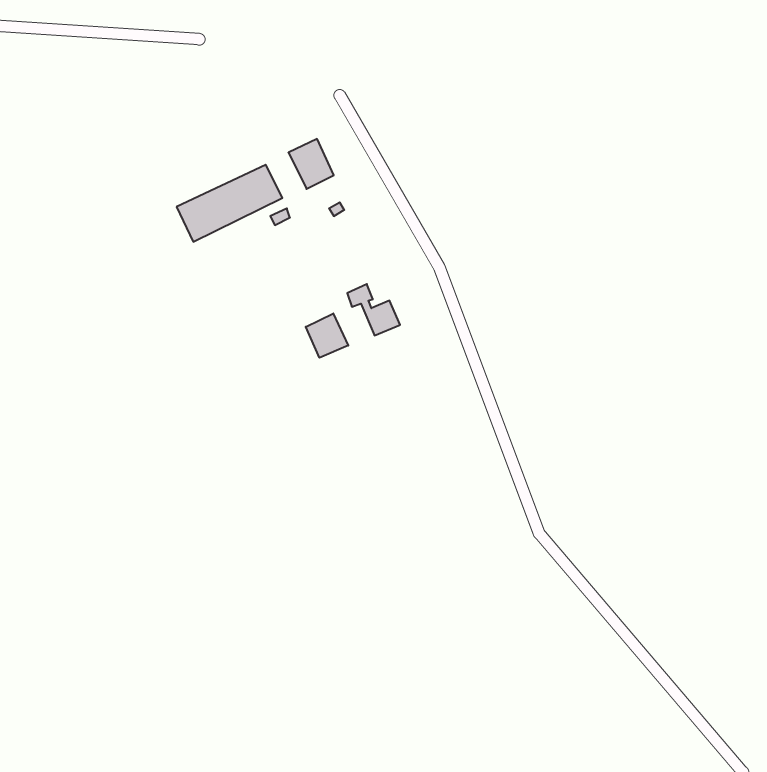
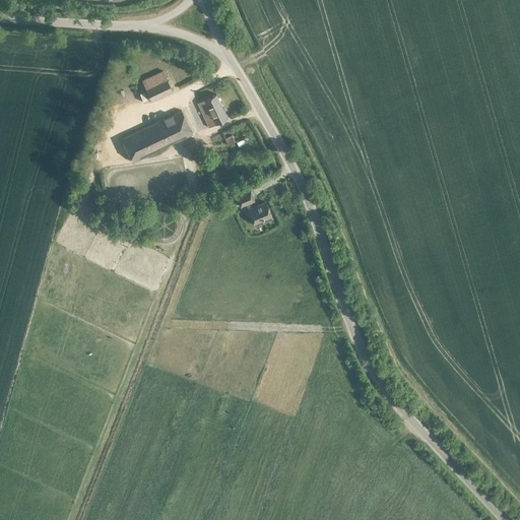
building: none -> [141,72,170,102]
building: [306,313,348,358] -> none

